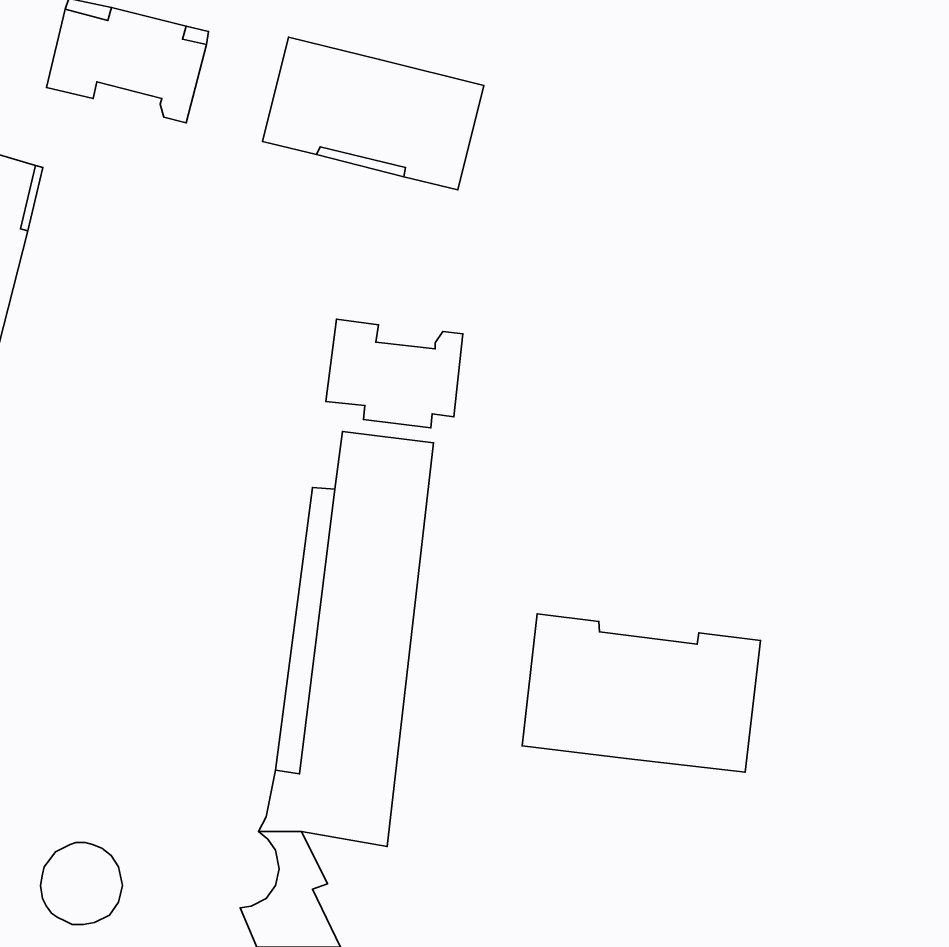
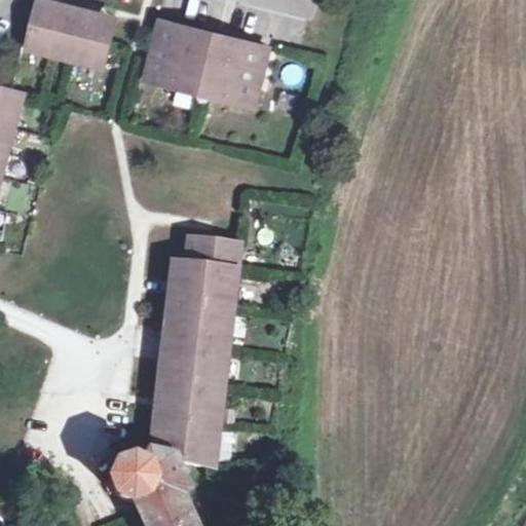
building: [326,319,463,428] -> none
building: [522,614,760,772] -> none
building: [40,843,122,924] -> [109,456,154,501]

